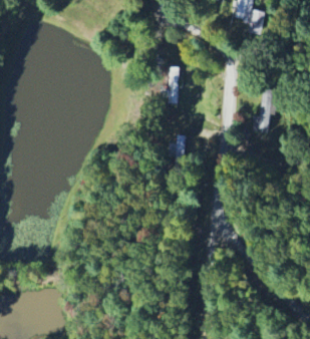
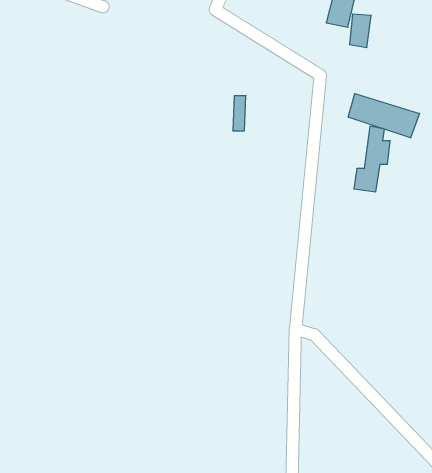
building: none -> [348,93,419,138]

